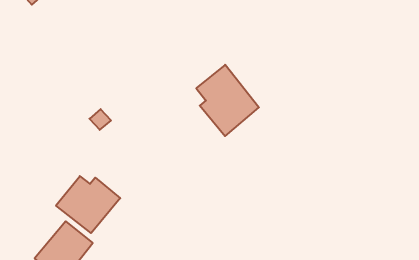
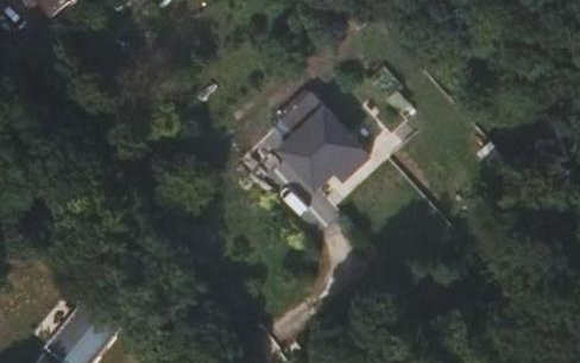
building: [56,176,120,233] -> none

